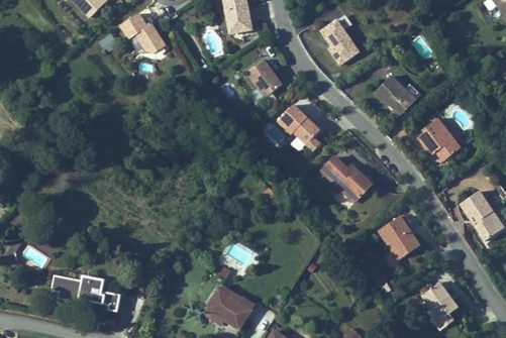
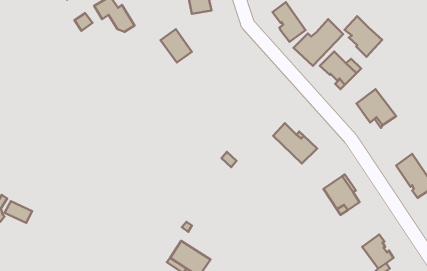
building: none -> [345,16,382,57]
building: none -> [293,19,343,66]
building: [246,59,282,96] -> [161,29,192,62]
building: [278,104,320,143] -> none
building: [52,274,120,310] -> none

